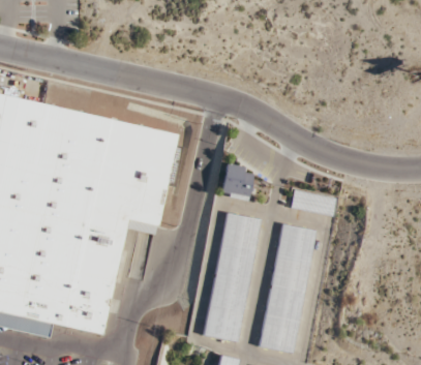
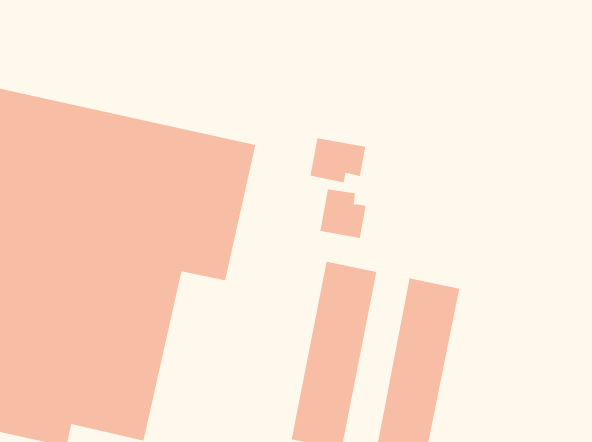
building: none -> [310,137,366,183]
building: [292,189,338,216] -> none

